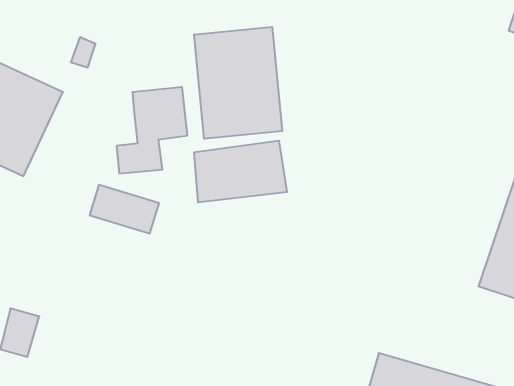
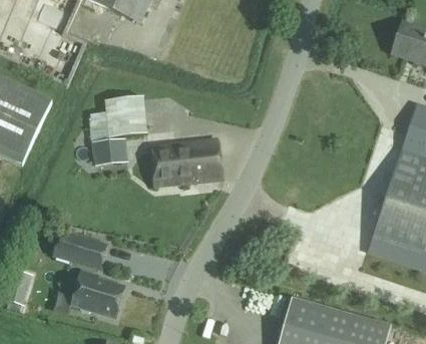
building: [194,27,282,139] -> none
building: [90,185,159,233] -> [53,230,106,267]
building: none -> [71,269,123,316]

